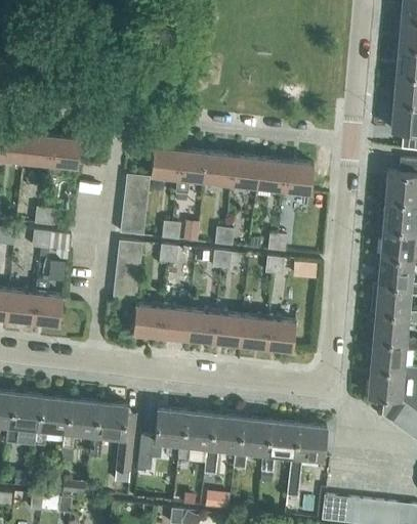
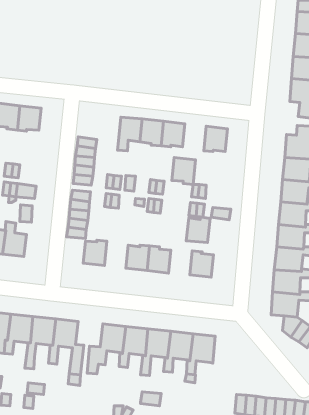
building: [151,147,180,180] -> none
building: [257,159,287,192] -> [172,157,195,184]
building: [160,294,190,339] -> none
building: [240,315,269,347] -> [186,217,210,242]
building: [288,424,327,496] -> none

